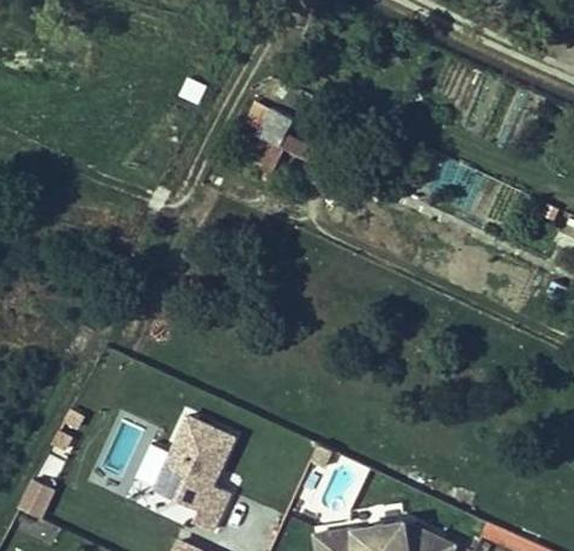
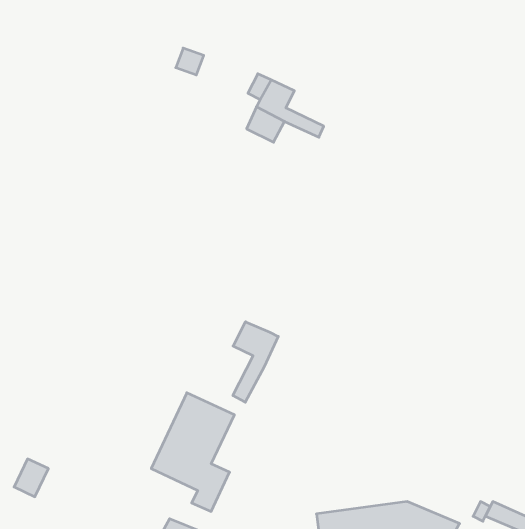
building: none -> [233,322,278,402]

